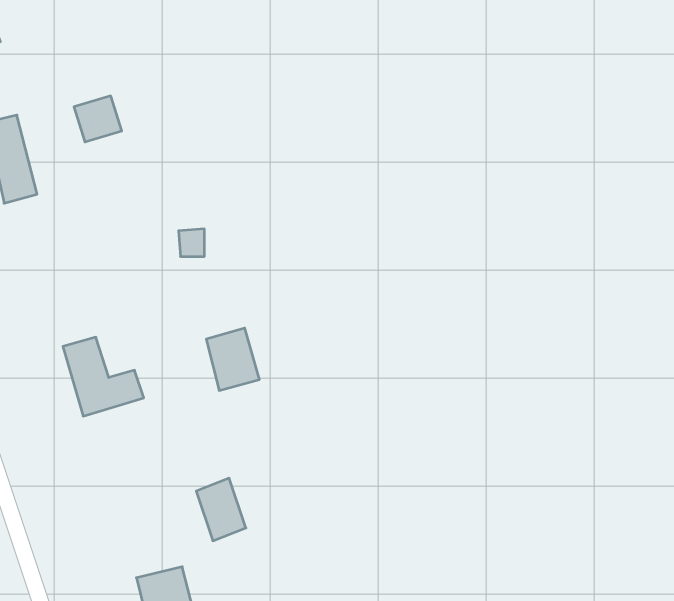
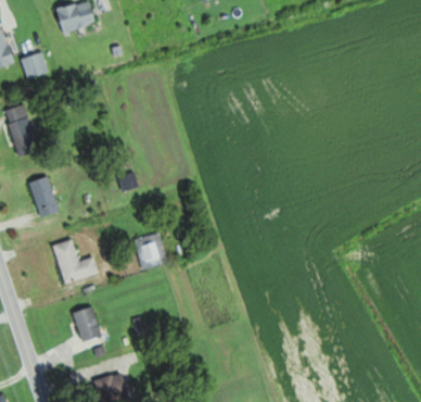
building: [74,96,122,142] -> [20,52,48,79]
building: none -> [28,177,56,214]
building: [196,478,246,541] -> [72,305,101,342]

